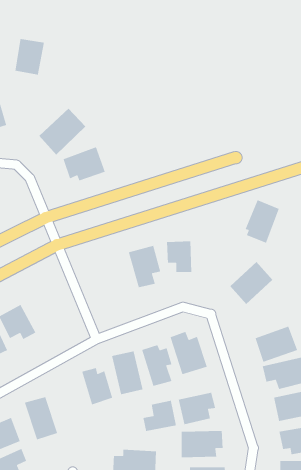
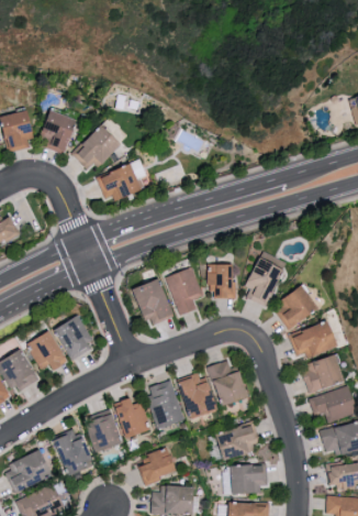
building: [15,38,45,75] -> [43,111,75,151]
building: [245,199,280,244] -> [245,255,282,303]
building: none -> [136,279,172,323]
building: none -> [53,317,94,356]
building: none -> [287,318,339,358]
building: none -> [83,408,122,452]
building: [143,400,177,432] -> [139,447,176,481]

